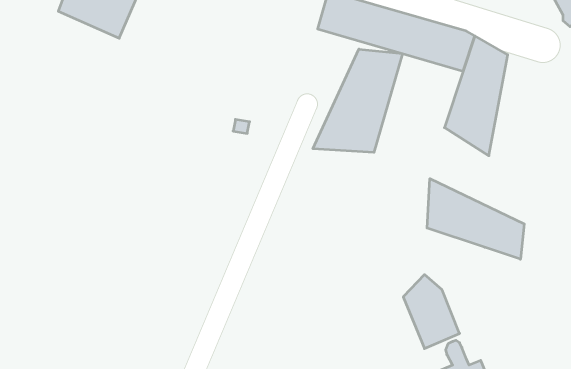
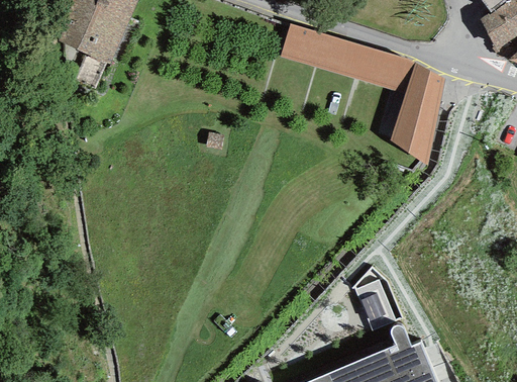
building: [313,49,402,152] -> none
building: [427,179,524,259] -> none

